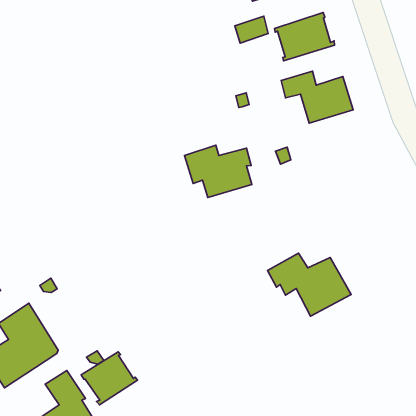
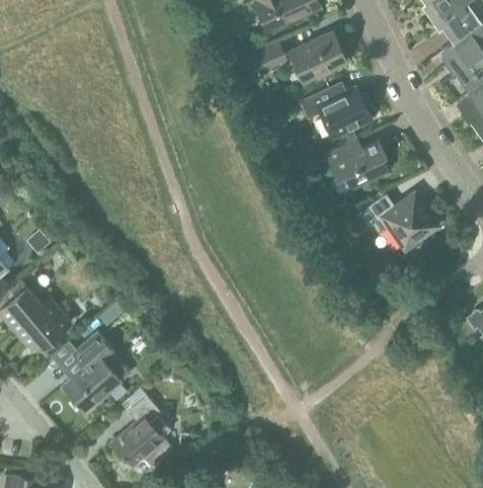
building: [184,145,252,198] -> [323,140,388,189]
building: [267,253,351,316] -> [358,193,437,249]
building: [81,352,138,405] -> none

